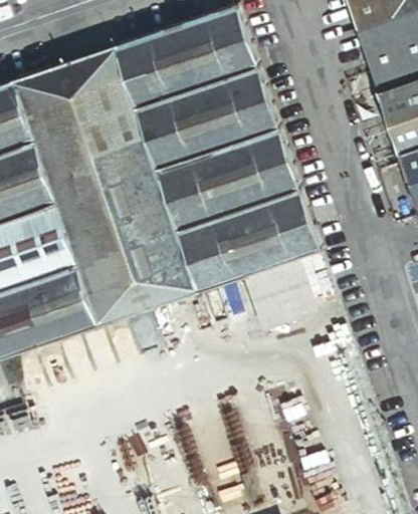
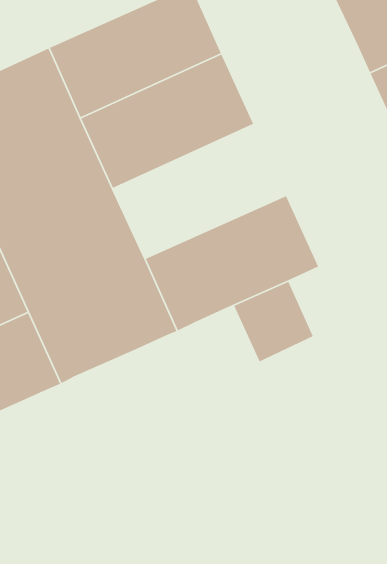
building: [156,125,299,228] -> none

